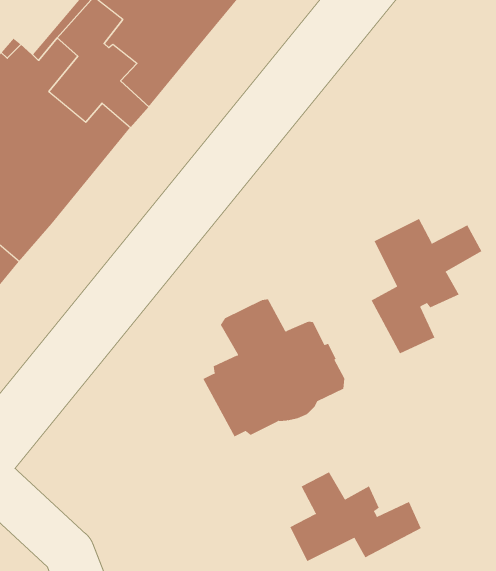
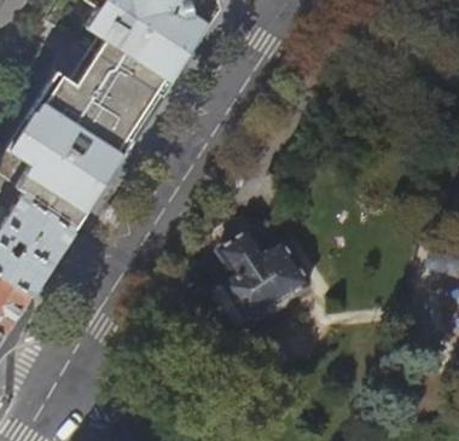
building: [371,218,482,354] -> none
building: [289,471,422,562] -> none

